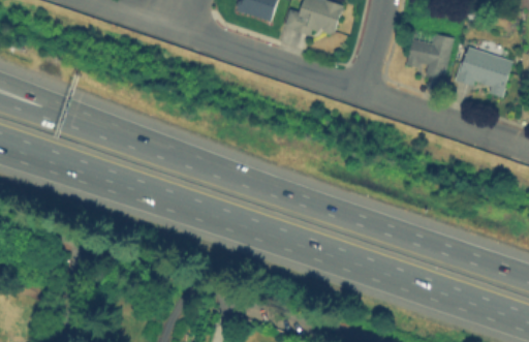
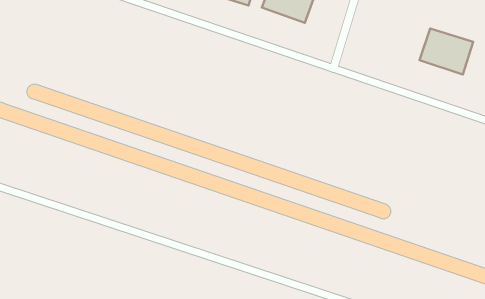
building: [408,30,453,79] -> none

